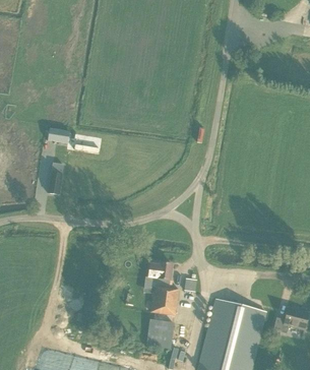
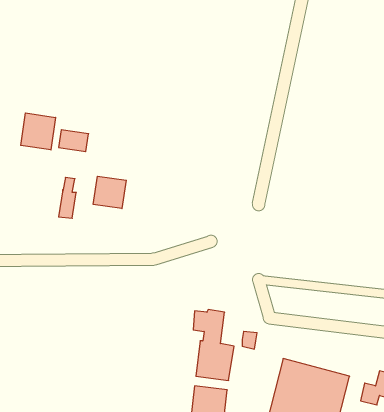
building: none -> [21,113,56,150]
building: none -> [93,176,126,209]

